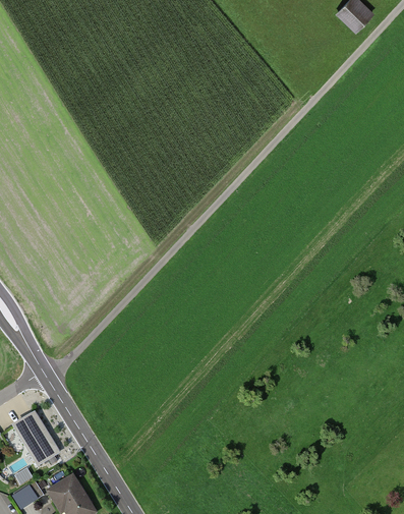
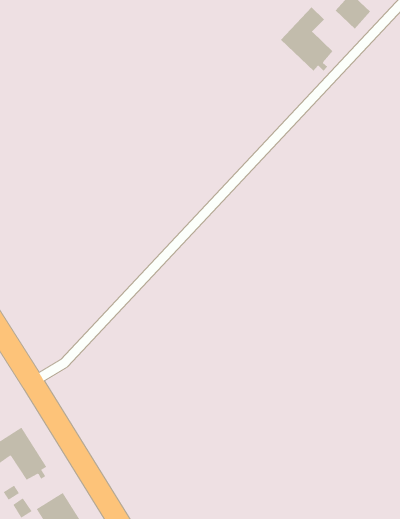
building: none -> [280,7,333,72]

